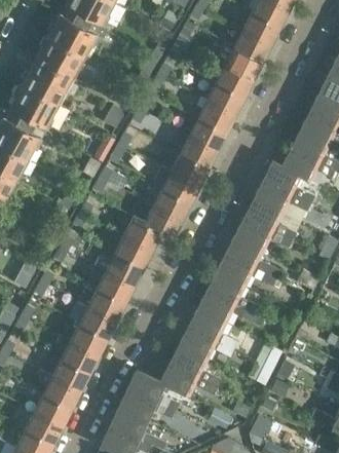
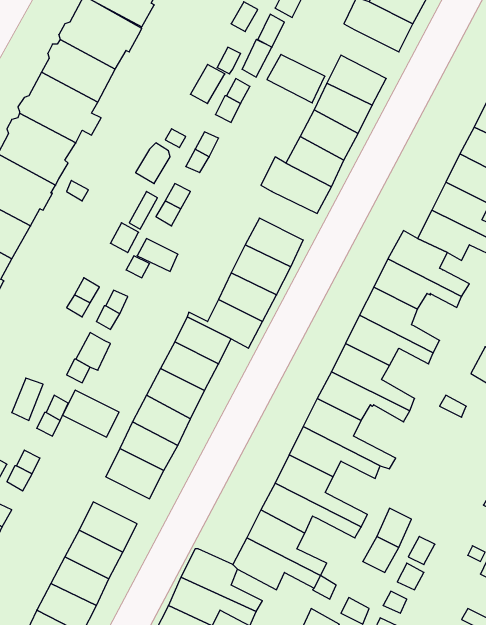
building: [232,30,270,62] -> [267,54,325,103]
building: [179,136,217,167] -> none
building: [70,323,107,353] -> [63,390,119,437]

